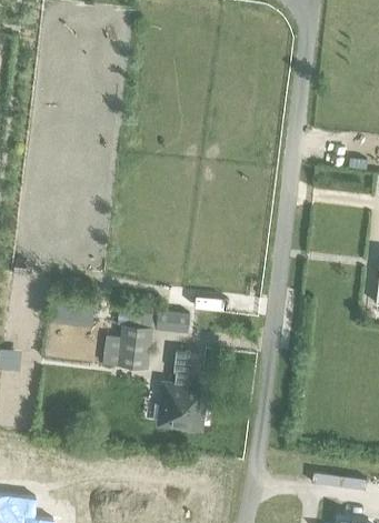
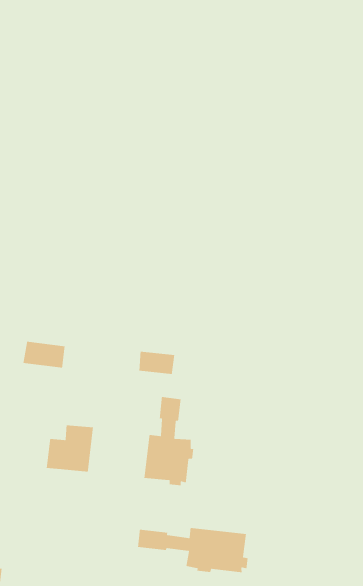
building: [103,326,146,369] -> [46,424,94,472]
building: none -> [137,527,249,573]

